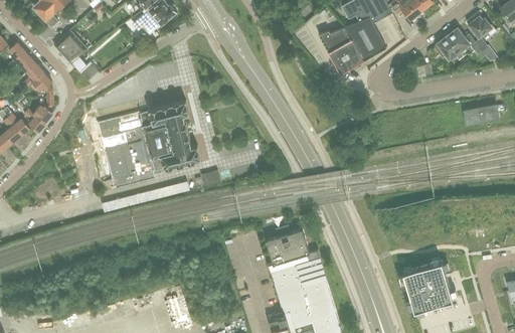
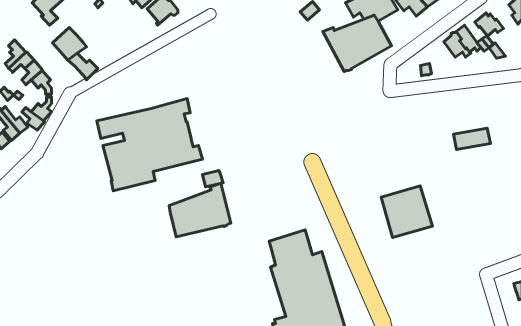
building: [463,104,499,125] -> [453,128,490,150]
building: none -> [169,183,231,237]
building: [402,261,453,311] -> [381,186,433,237]

